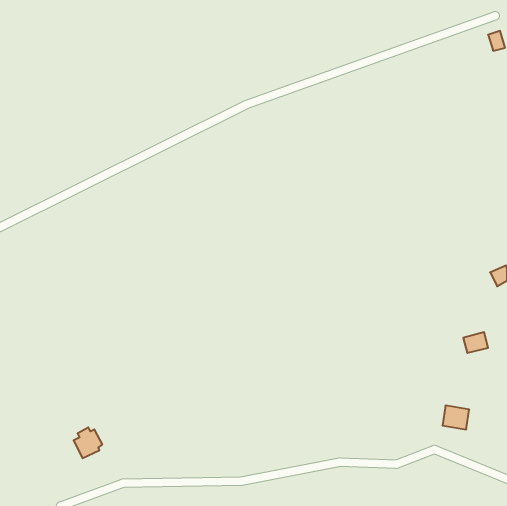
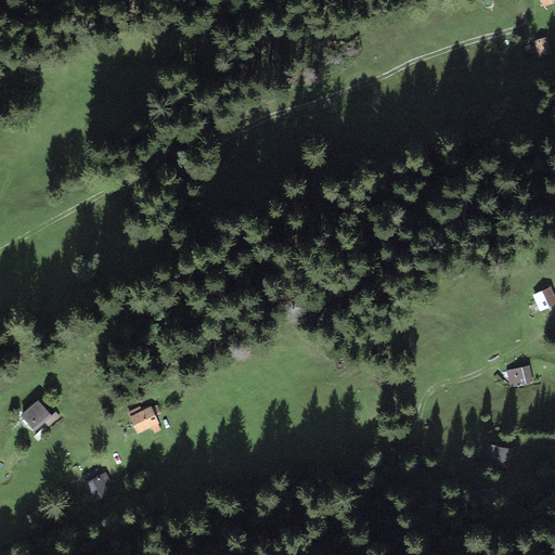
building: none -> [23,402,54,433]
building: none -> [129,404,162,434]

